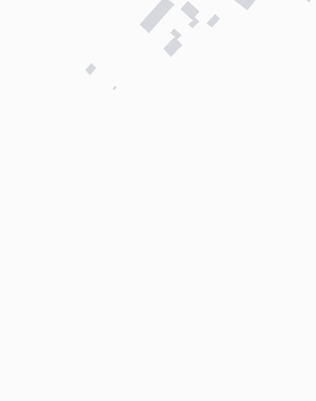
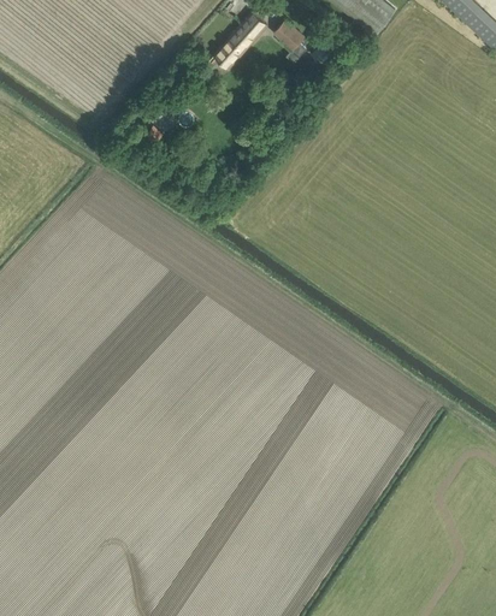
building: [162,28,183,58] -> none

